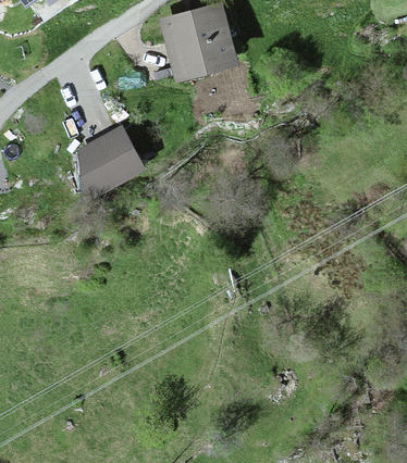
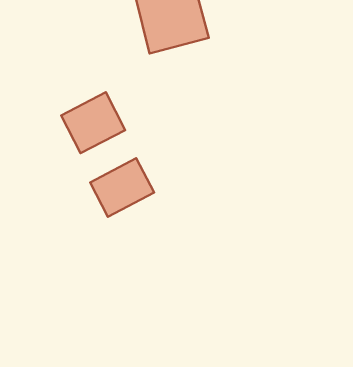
building: none -> [90,158,154,217]

